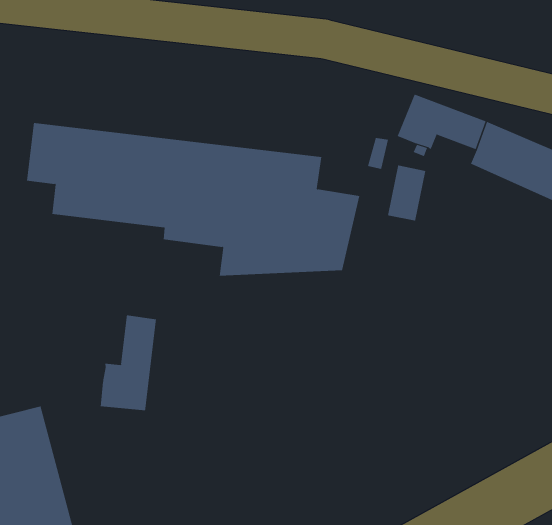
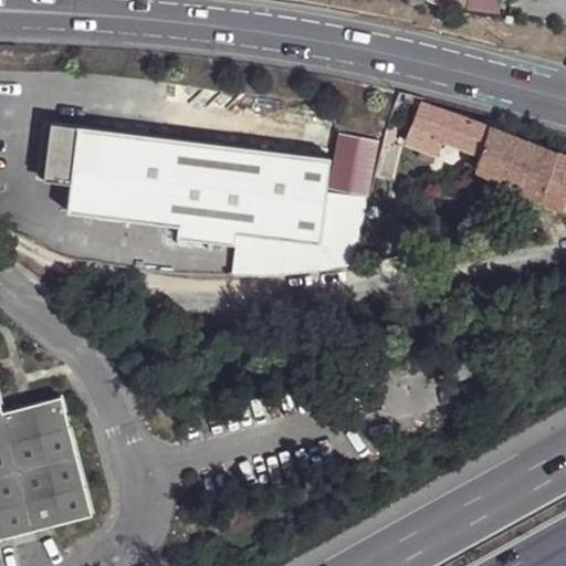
building: [387,165,426,221] -> [339,133,377,187]
building: [100,315,156,411] -> none

